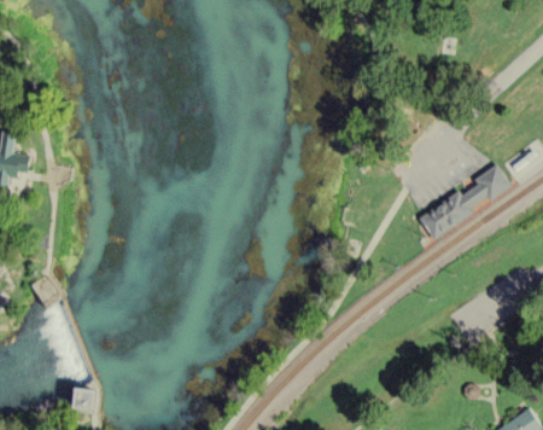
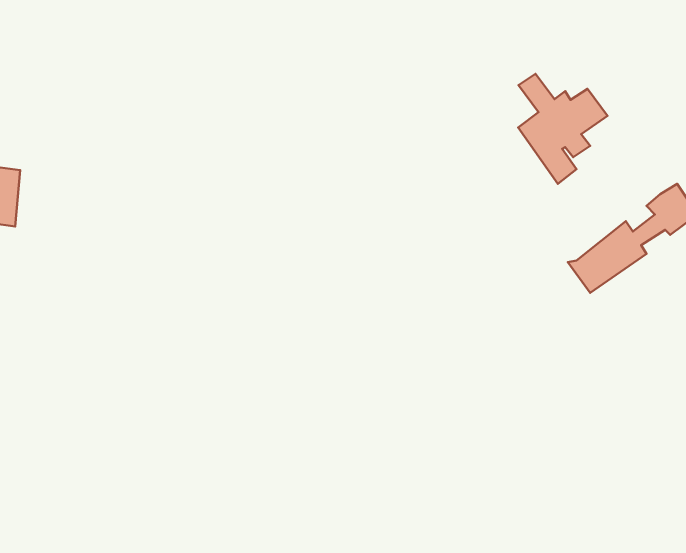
building: none -> [518,74,607,184]

